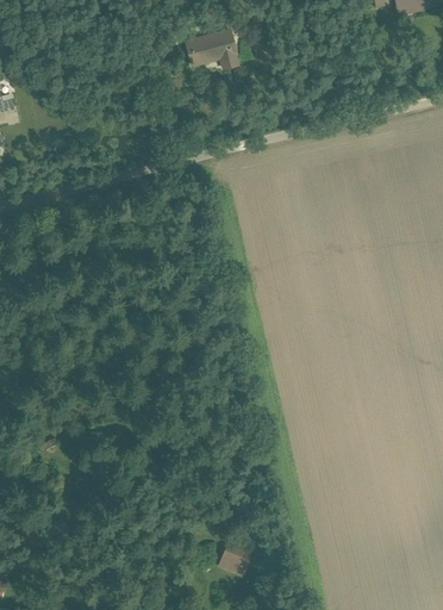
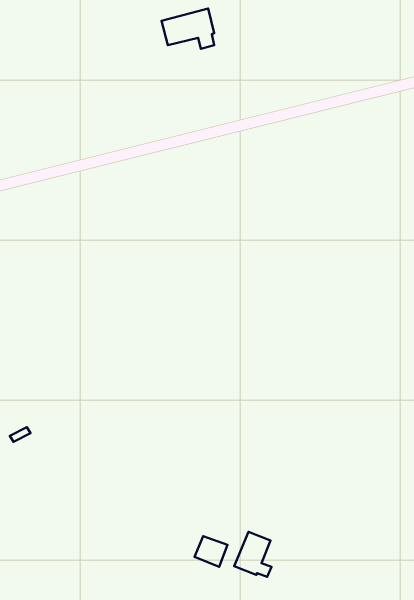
building: none -> [234,532,271,577]

